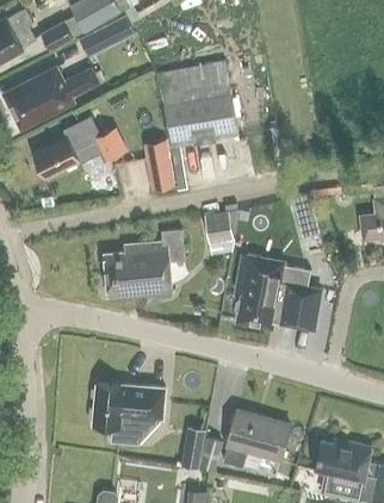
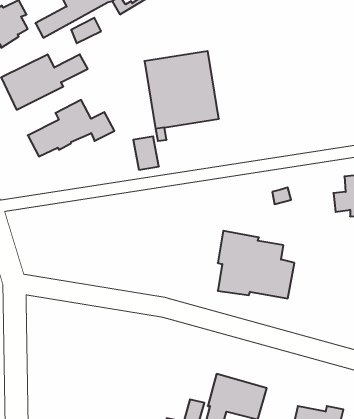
building: [203,210,236,242] -> none
building: [105,229,182,299] -> none
building: [93,384,166,443] -> none

